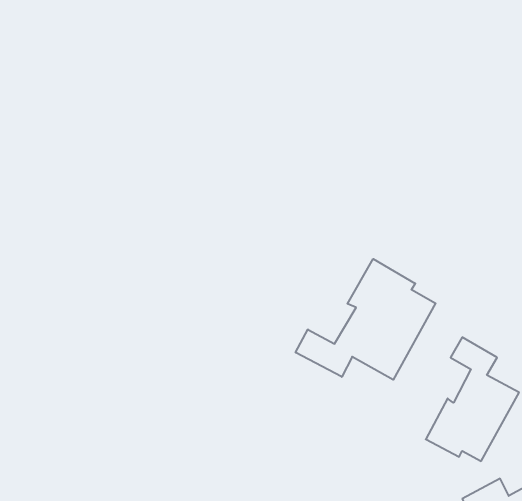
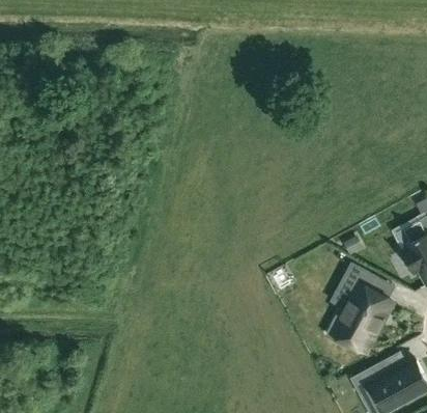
building: [296,259,436,380] -> none

